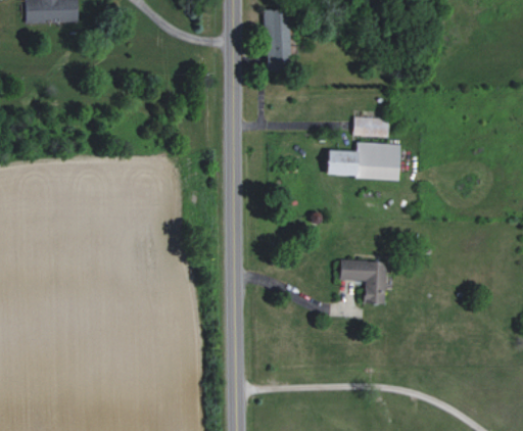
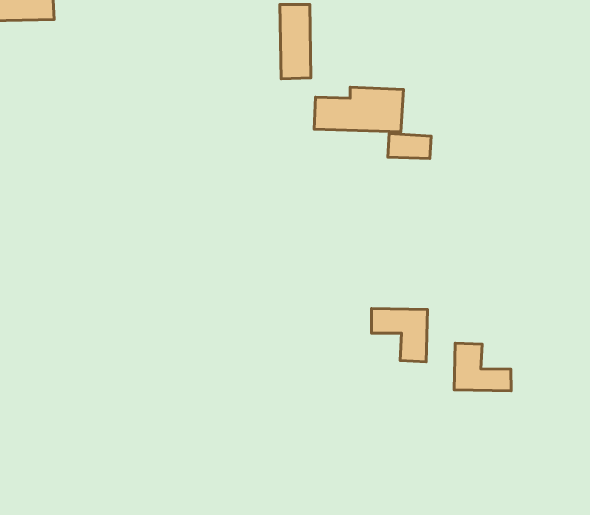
building: [327,141,400,178] -> [314,87,403,132]
building: none -> [454,343,511,391]

